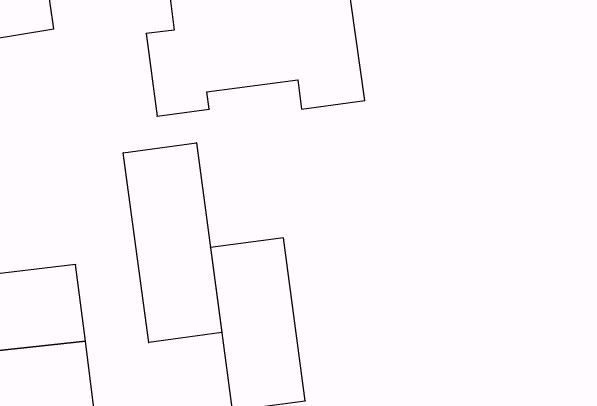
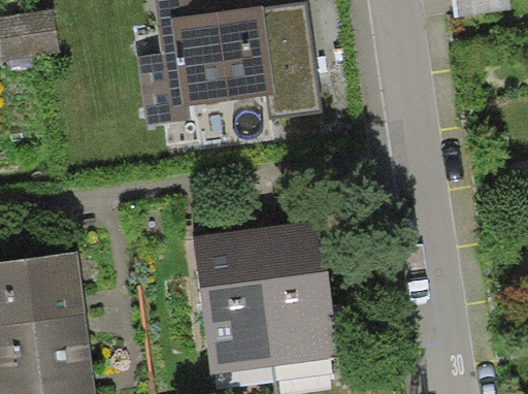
building: [123,143,222,343] -> none
building: none -> [254,221,334,367]

